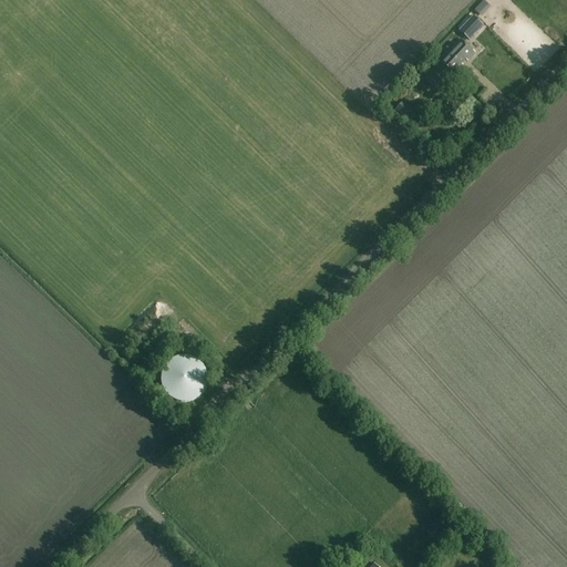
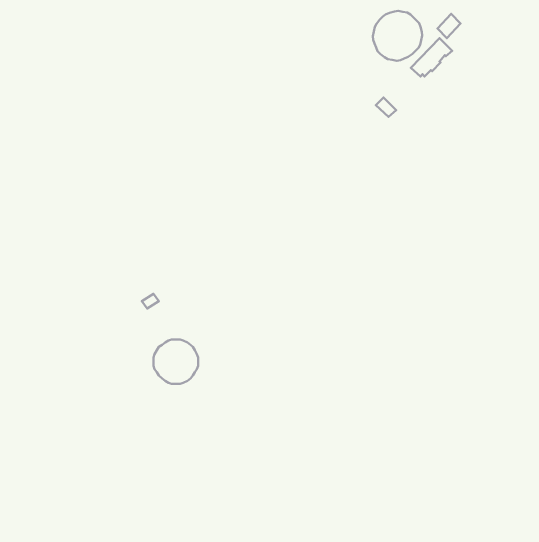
building: none -> [373,11,422,61]

